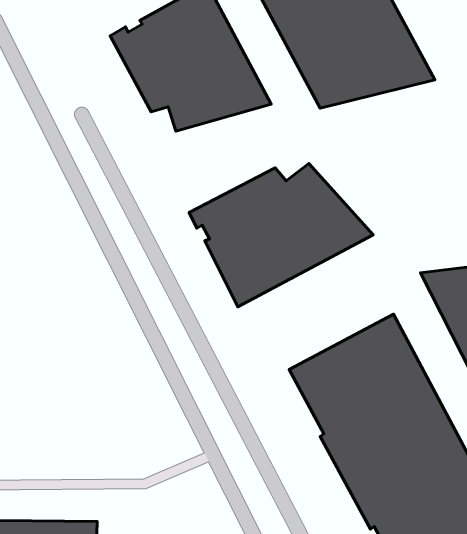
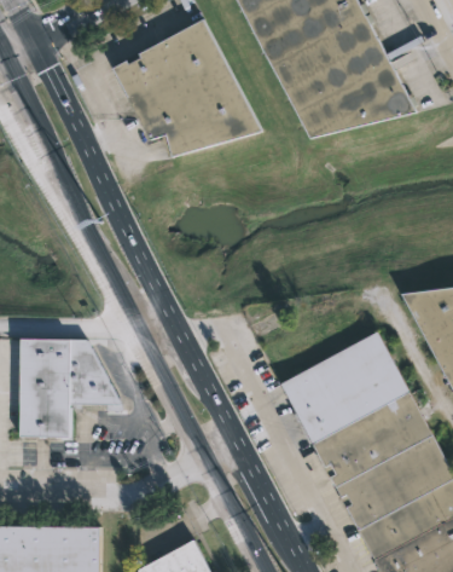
building: [189,164,373,307] -> none
building: none -> [21,339,121,437]

